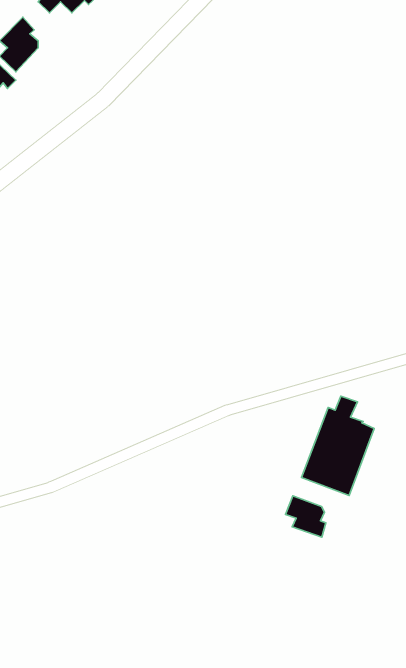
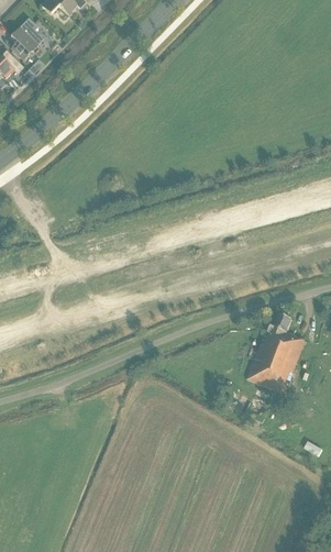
building: [286,496,326,537] -> none

